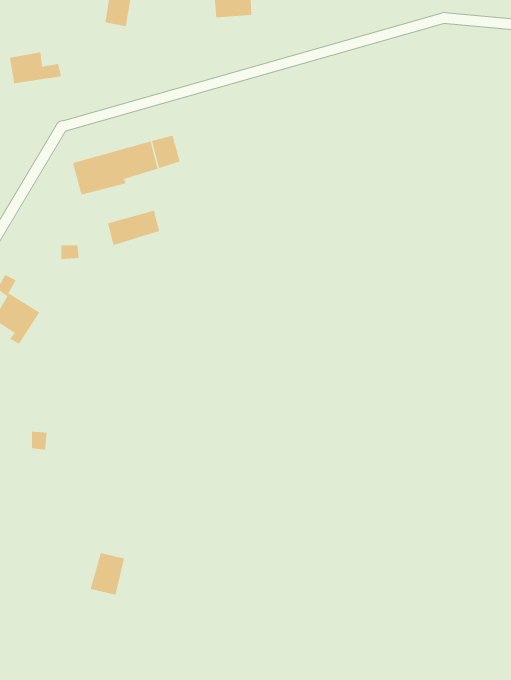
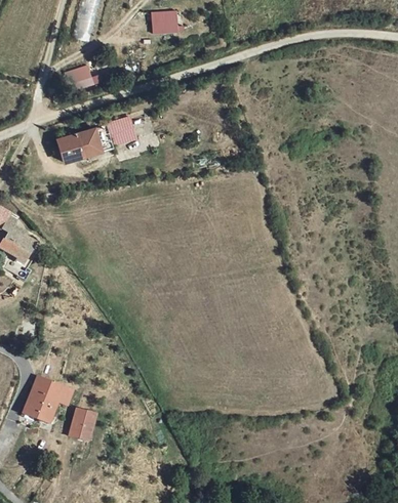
building: [9,52,62,84] -> [71,67,108,89]
building: [107,210,160,246] -> none
building: none -> [22,378,70,424]

